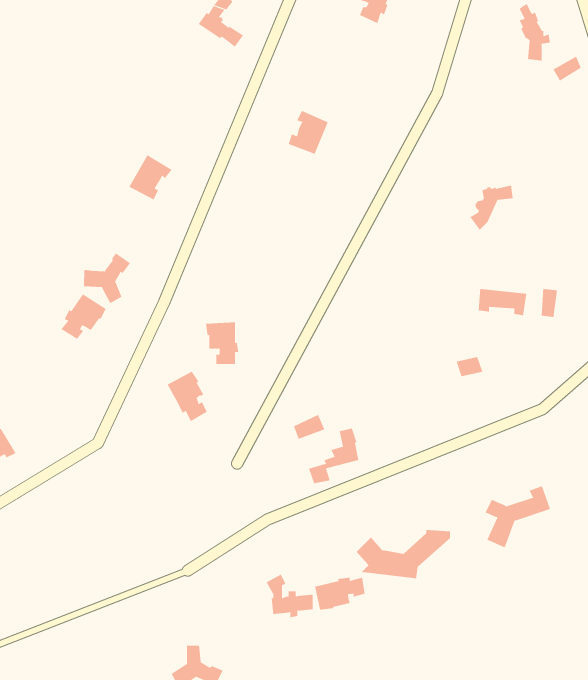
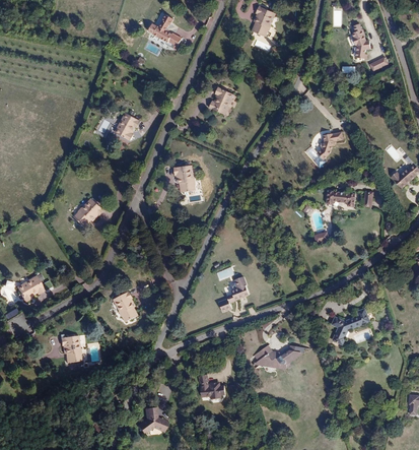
building: [84,252,131,304] -> none
building: [205,322,239,364] -> [176,165,196,190]
building: [167,371,208,422] -> [115,291,139,321]
building: none -> [62,339,82,366]
building: [315,577,365,611] -> none

